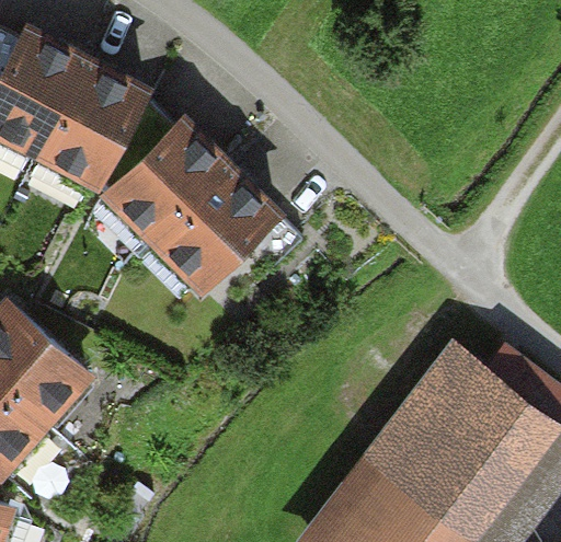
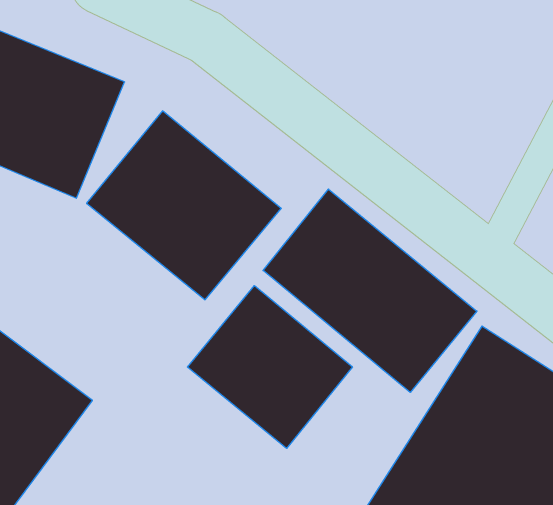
building: none -> [263,189,477,392]
building: none -> [187,286,352,448]

